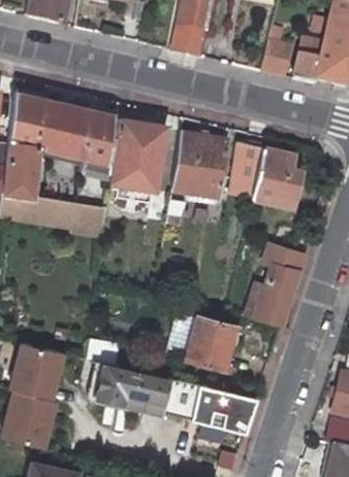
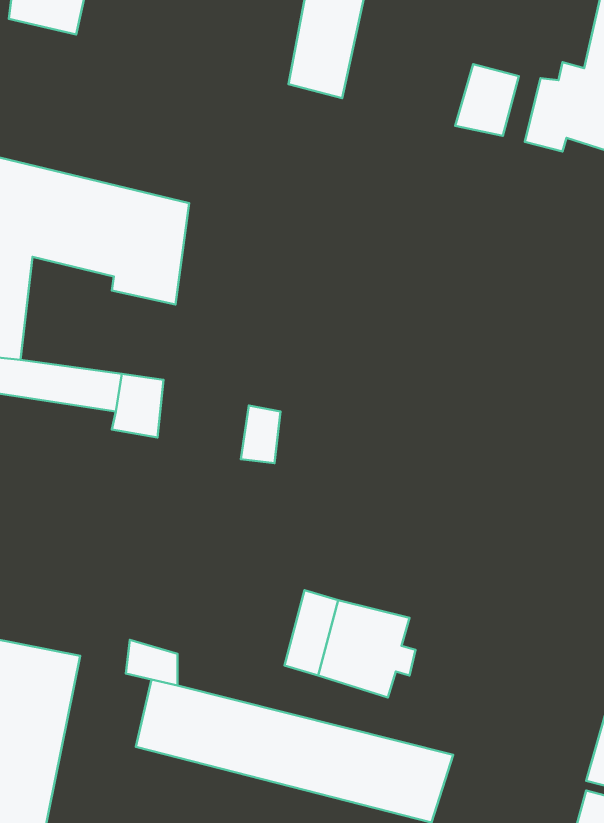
building: [114,122,165,194] -> none
building: [171,132,228,195] -> none
building: [228,142,303,210] -> none
building: [255,251,304,329] -> none

